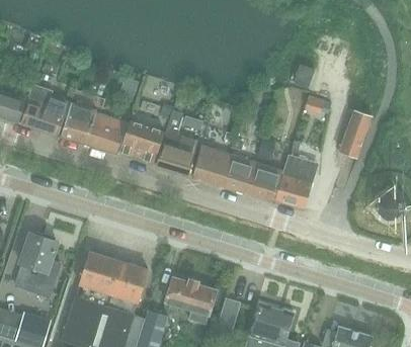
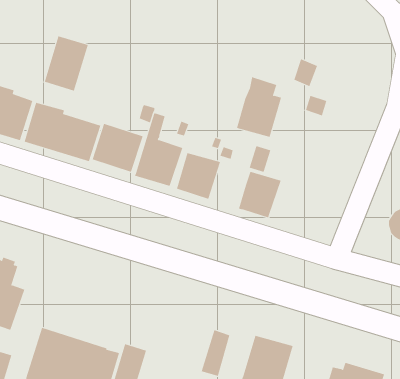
building: none -> [44,35,89,91]
building: [340,109,373,158] -> none
building: [221,153,256,193] -> none
building: [275,155,315,207] -> [236,76,282,137]
building: [76,251,147,314] -> none
building: [165,277,216,325] -> none

